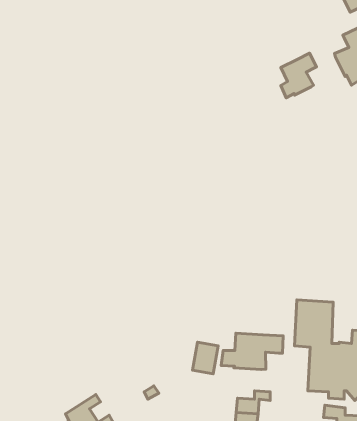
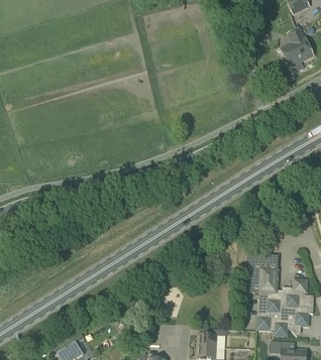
building: [281,53,316,98] -> none
building: [221,333,283,369] -> none

